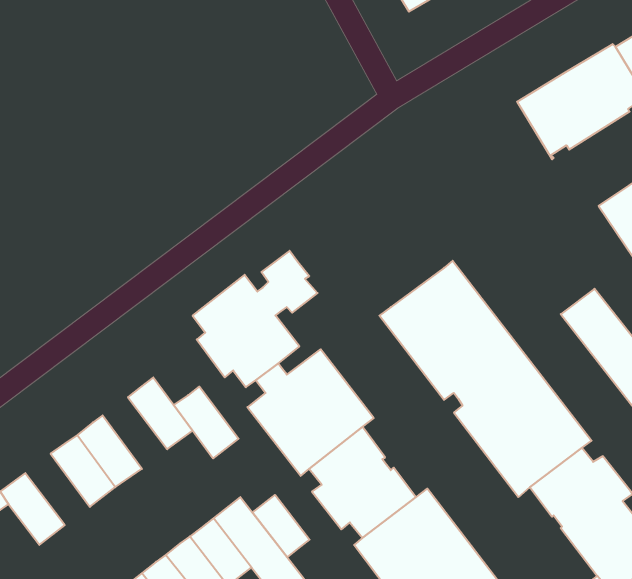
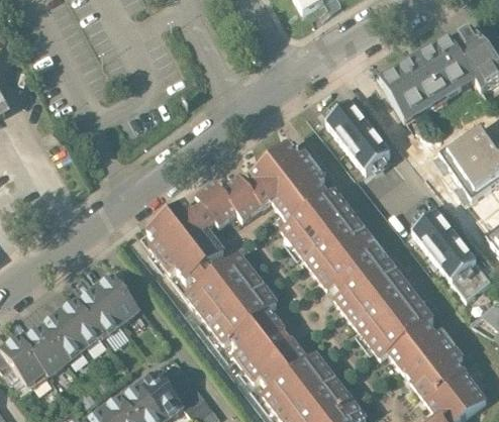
building: none -> [325,100,389,170]
building: none -> [222,143,327,223]
building: [174,387,239,458] -> [82,288,128,339]
building: none -> [26,328,73,380]
building: [253,495,310,557] -> none

